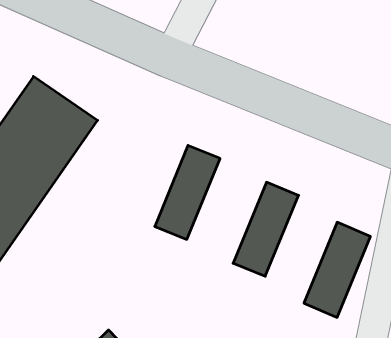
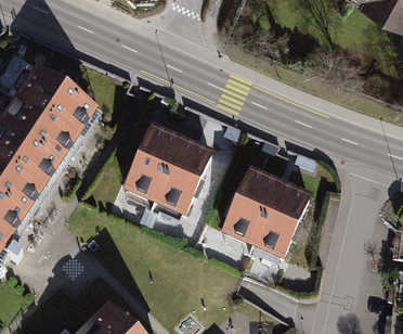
building: none -> [117,123,178,208]
building: [304,222,370,317] -> [248,180,309,267]

